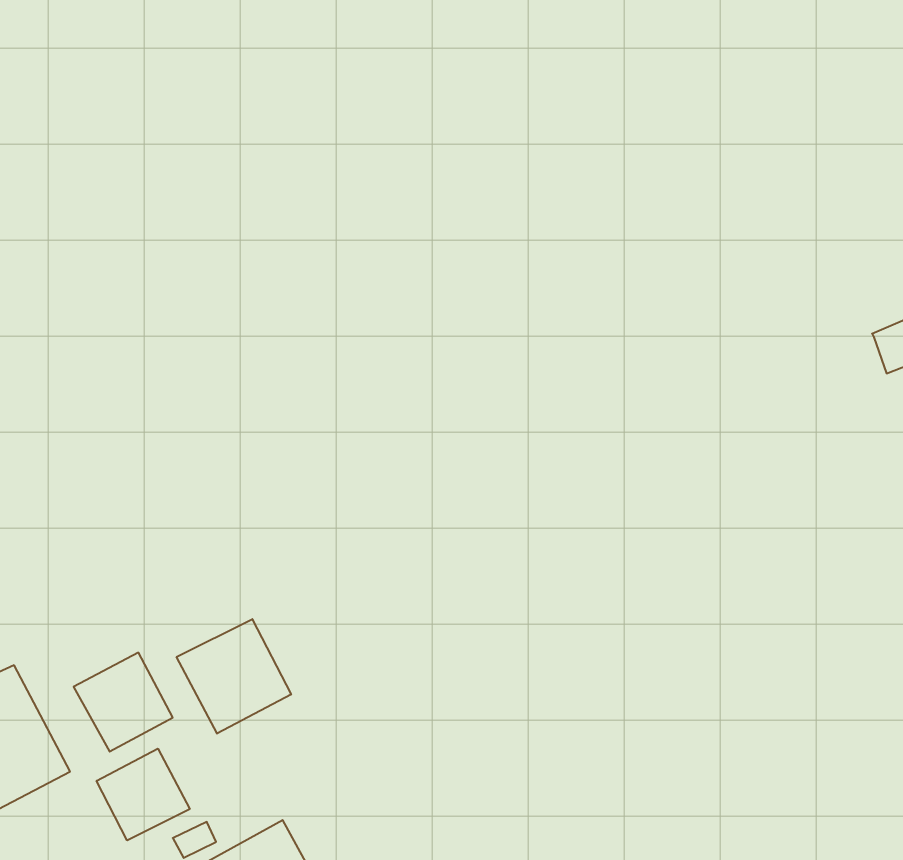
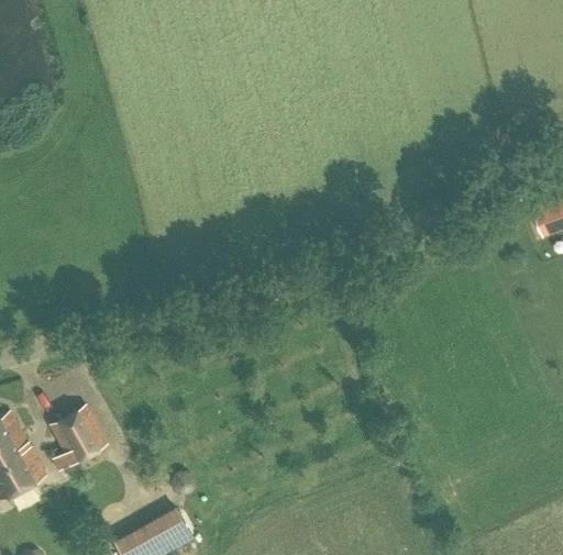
building: [177,619,291,734] -> none
building: [97,749,190,840] -> none

